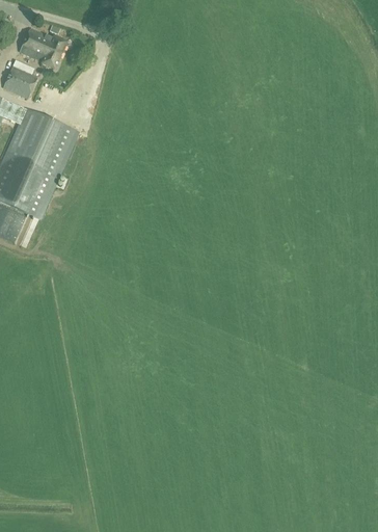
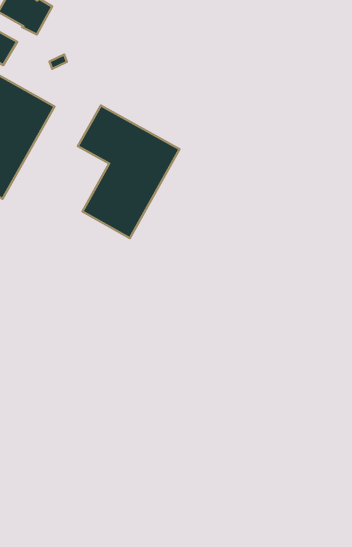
building: none -> [78,105,180,238]

